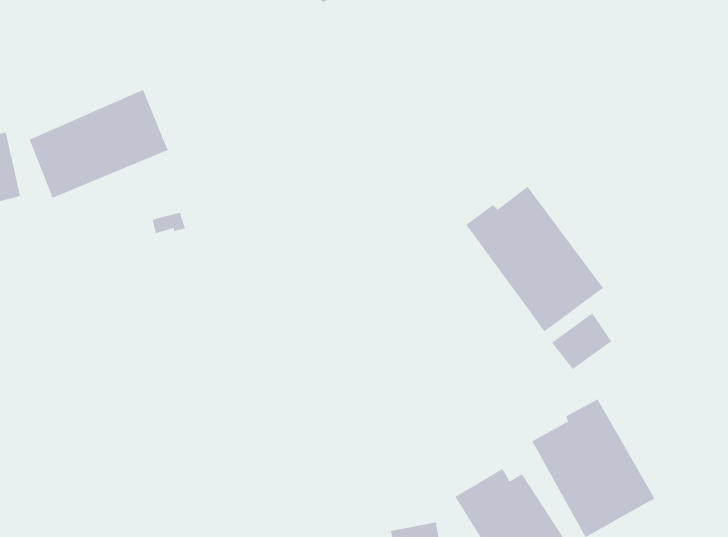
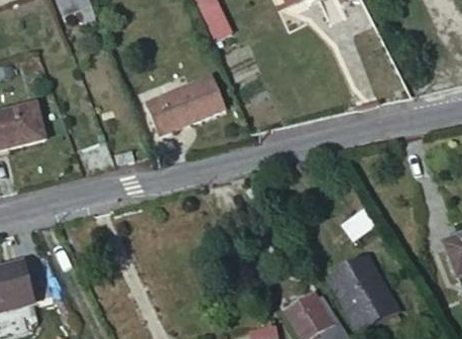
building: [29,89,169,198] -> [145,74,224,135]
building: [466,186,604,332] -> none

